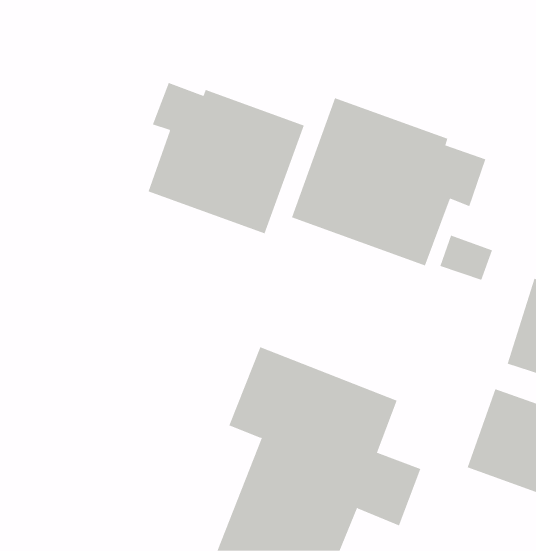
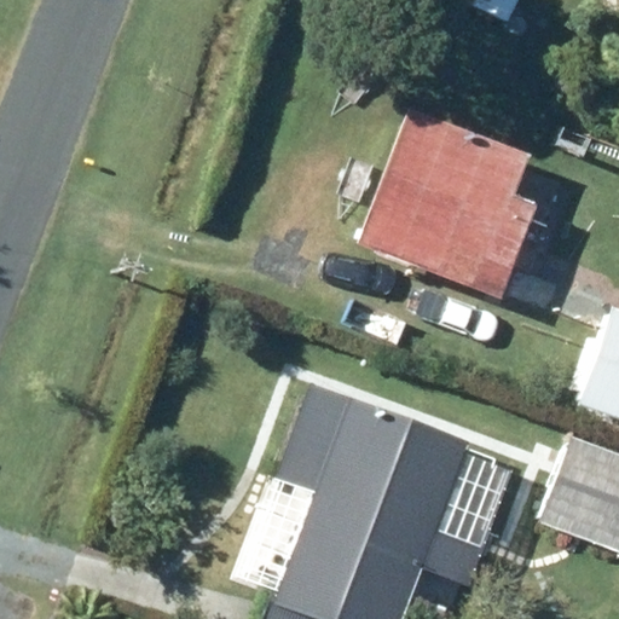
building: [148,82,305,234] -> none

